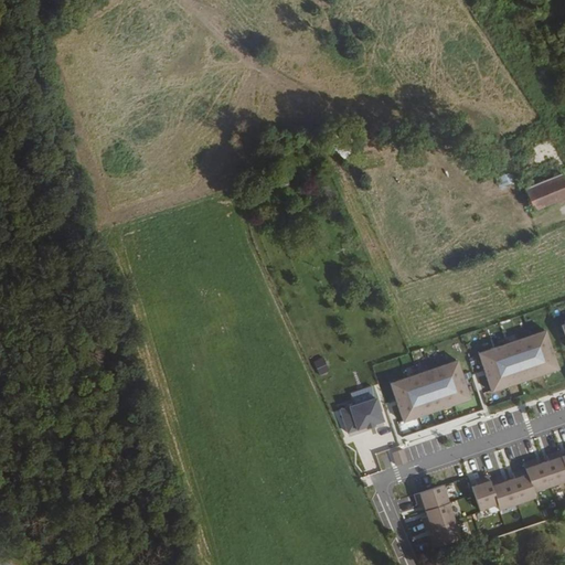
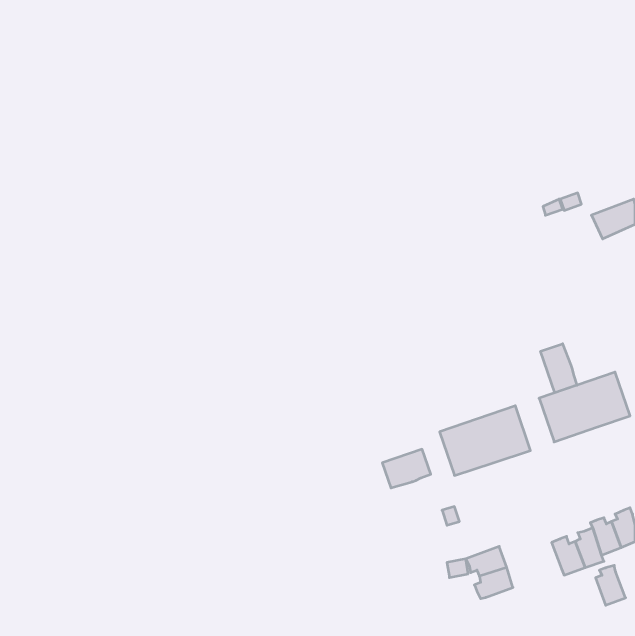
building: none -> [541,344,577,393]
building: [471,476,498,511] -> [596,565,626,605]
building: [427,521,461,548] -> none

